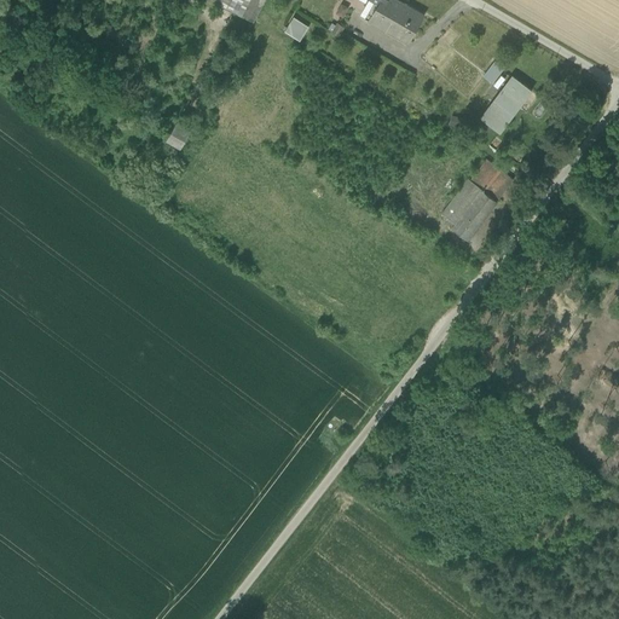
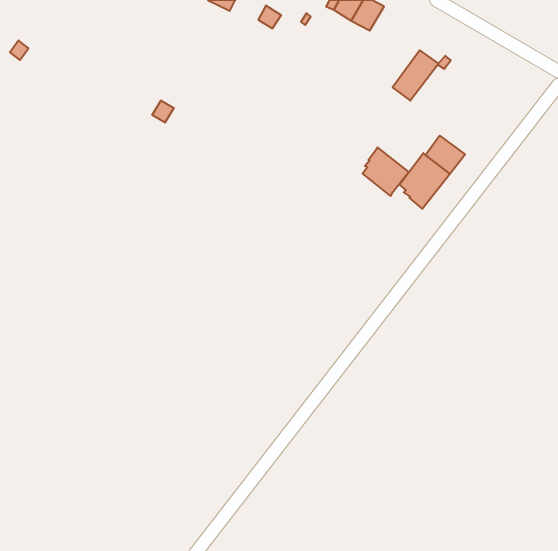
building: [480,77,531,133] -> [393,50,438,101]
building: none -> [363,147,409,196]

